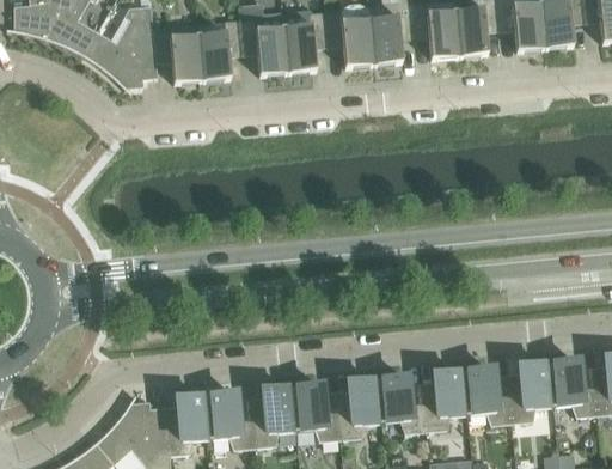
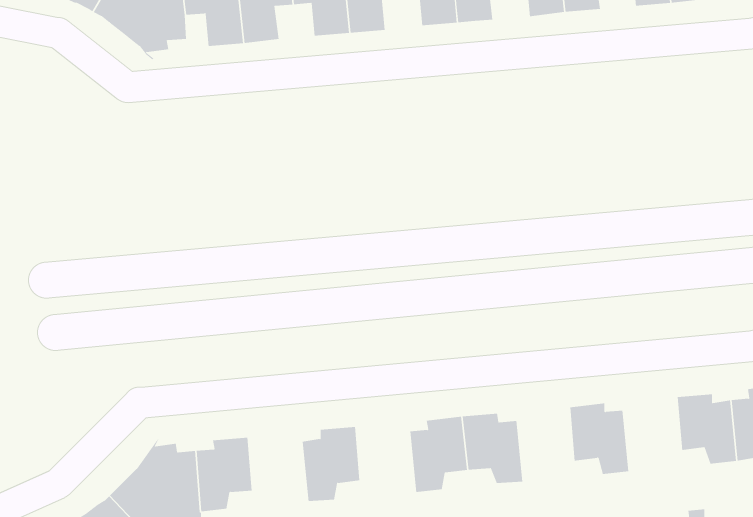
building: [507,363,553,422] -> none
building: [422,371,467,431] -> none
building: [293,384,341,440] -> none
building: [207,392,255,449] -> none

